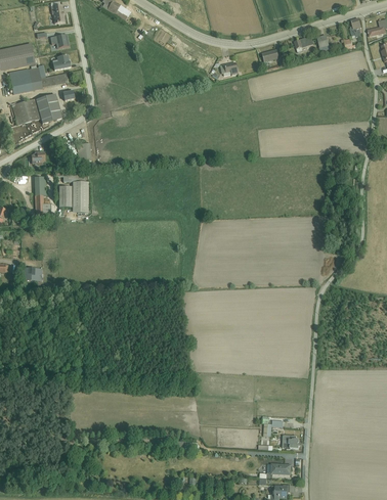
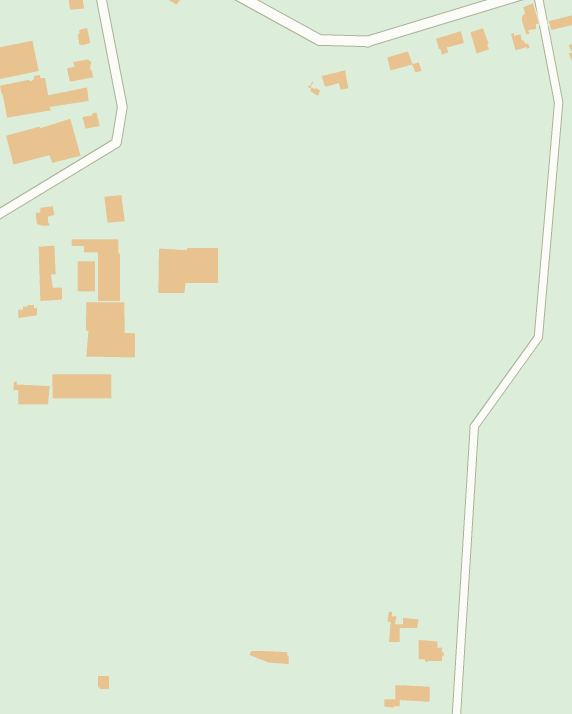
building: none -> [158,247,218,294]
building: none -> [85,302,136,358]
building: none -> [52,374,112,399]

